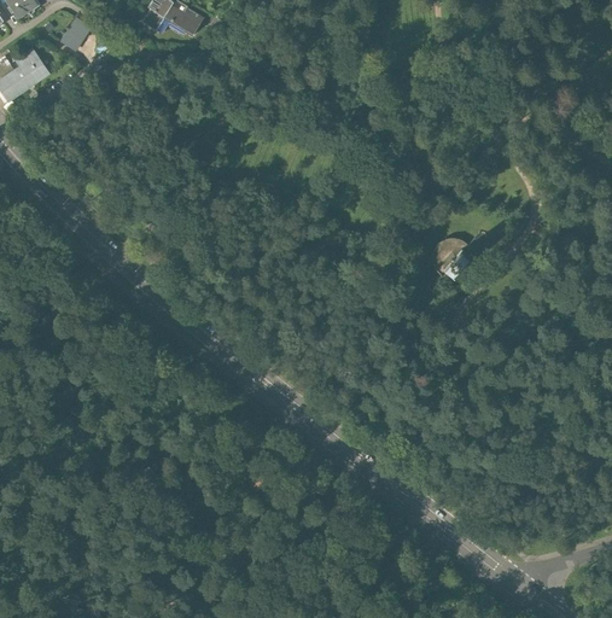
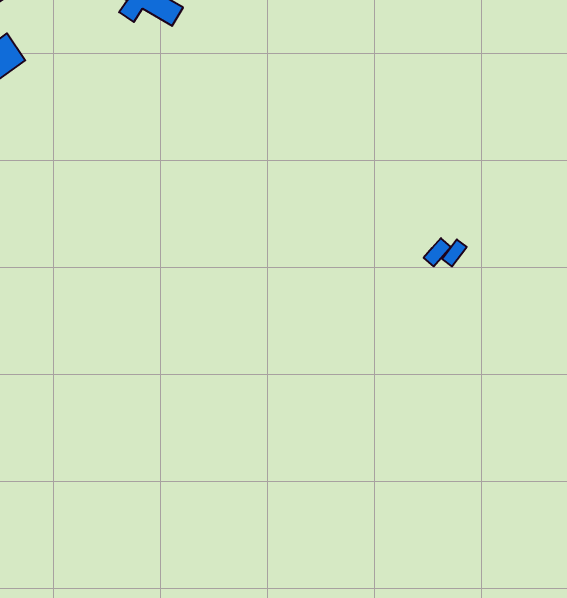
building: [63,18,93,53] -> none

